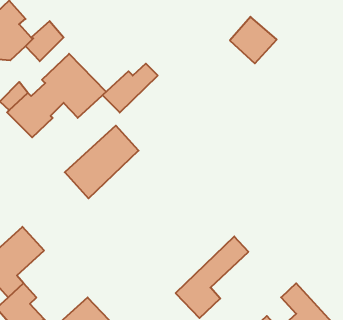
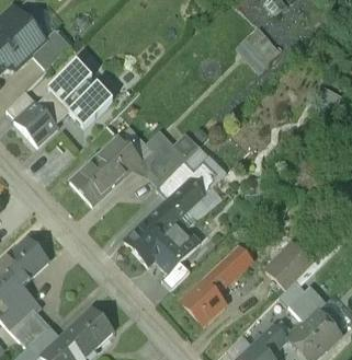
building: [102,64,158,113] -> [144,133,200,183]
building: none -> [127,160,216,272]
building: none -> [266,235,317,287]

